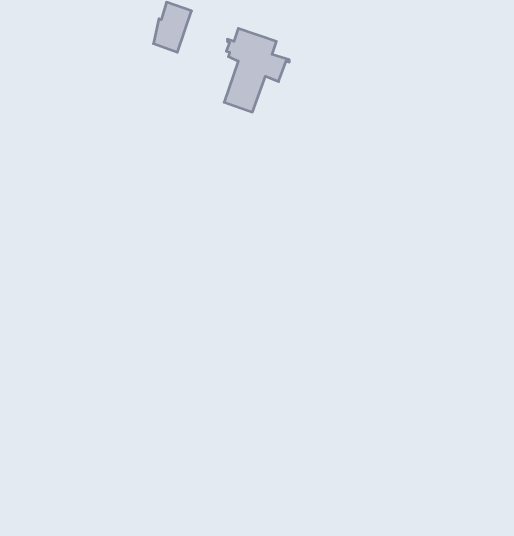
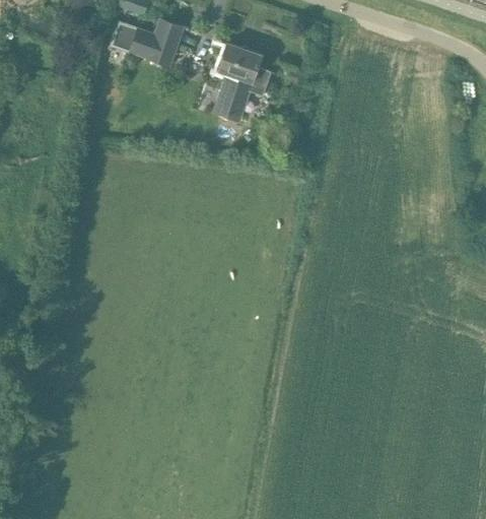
building: none -> [111,22,152,58]

